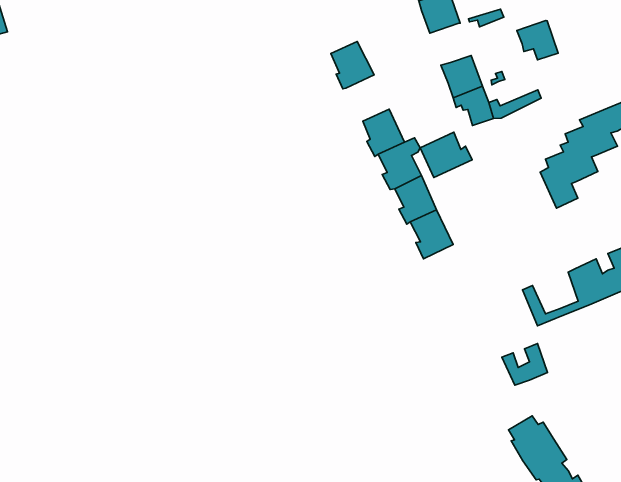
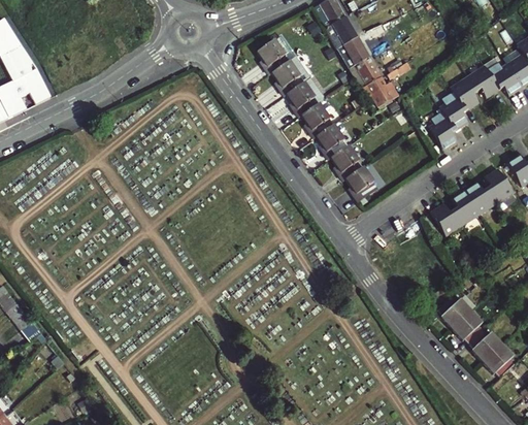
building: none -> [257,40,289,74]
building: [517,21,558,60] -> [337,36,368,64]
building: none -> [287,81,319,117]
building: [420,132,472,177] -> none
building: [502,344,547,385] -> [437,193,470,224]

